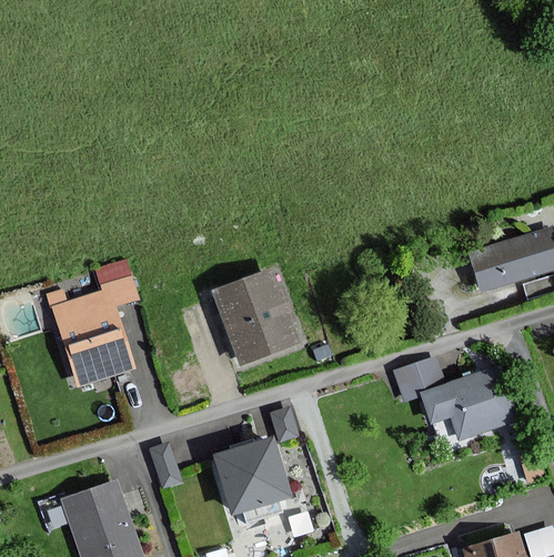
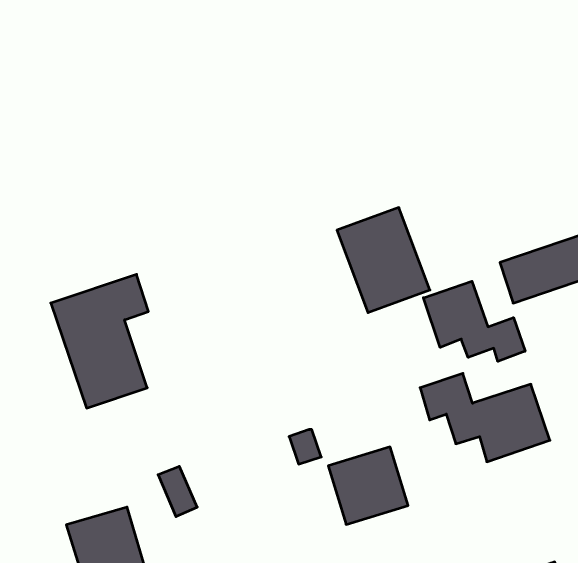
building: [213,267,300,365] -> [337,208,430,313]
building: none -> [423,281,525,361]
building: [215,443,290,515] -> [328,447,408,524]

